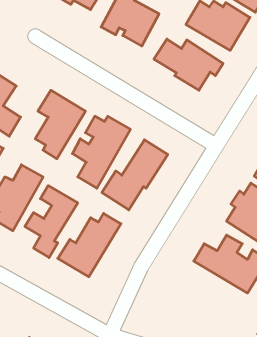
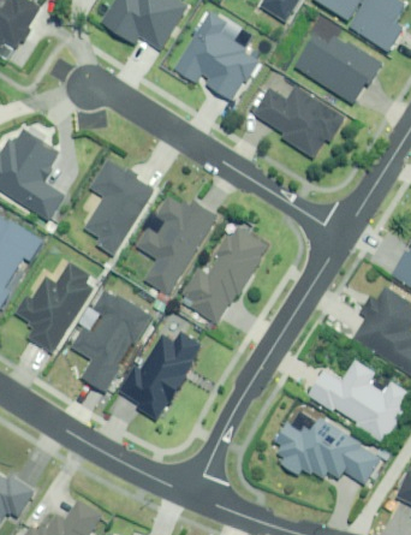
building: none -> [268,402,383,489]

